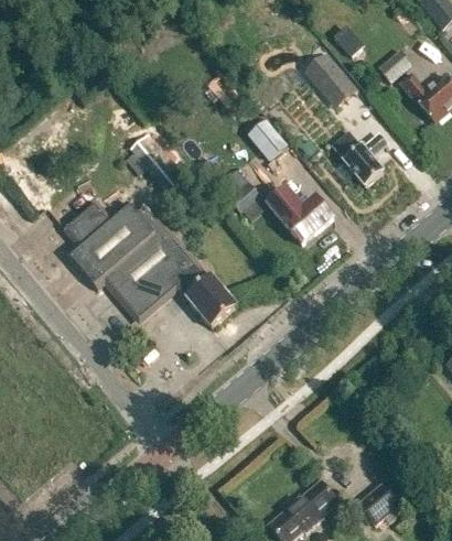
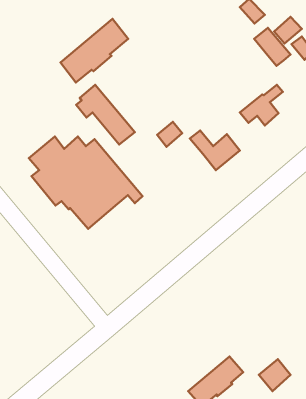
building: none -> [61,19,128,82]
building: [308,56,354,105] -> [254,28,290,66]
building: [249,119,286,160] -> none
building: [177,274,237,325] -> none

